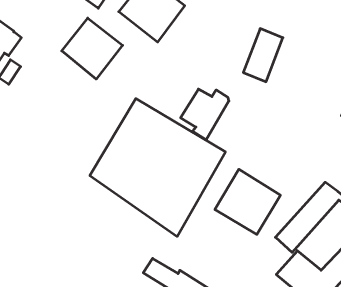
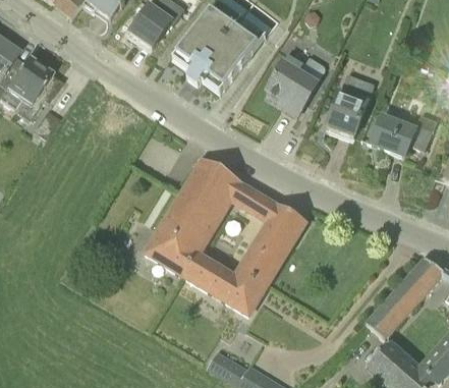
building: [62,18,123,79] -> none
building: none -> [371,112,436,156]
building: [181,89,229,140] -> [267,54,325,115]
building: [215,169,280,234] -> none

